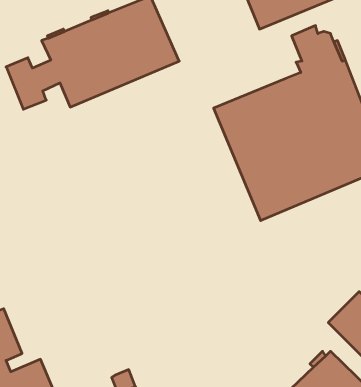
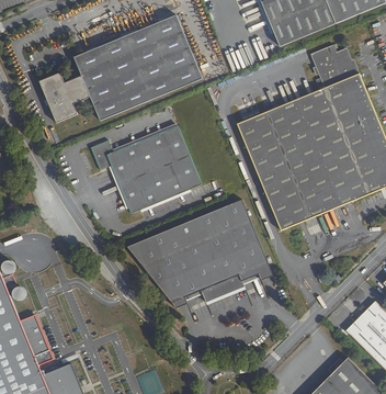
building: none -> [90,126,202,214]
building: none -> [126,199,273,307]

